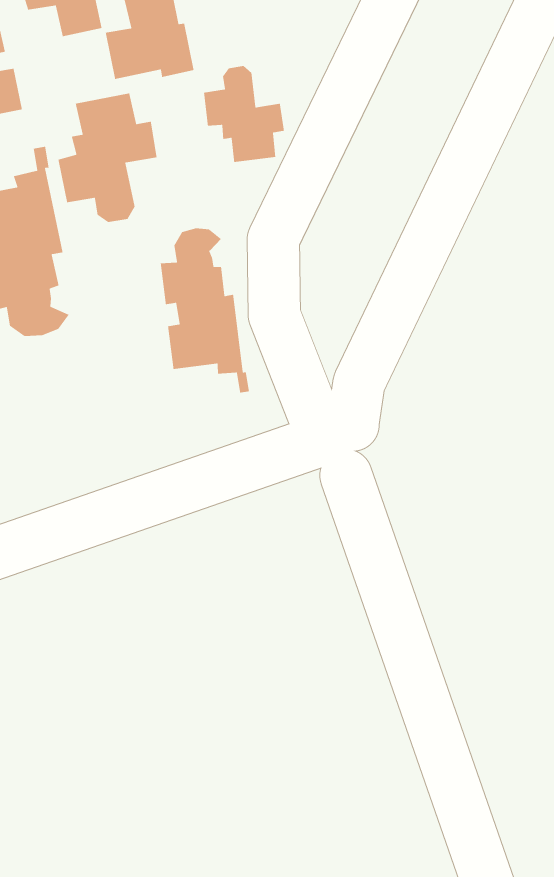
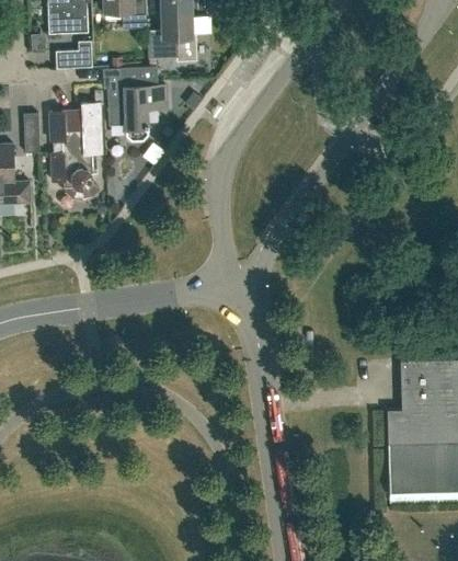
building: [203,65,285,163] -> none
building: [160,227,250,393] -> none

